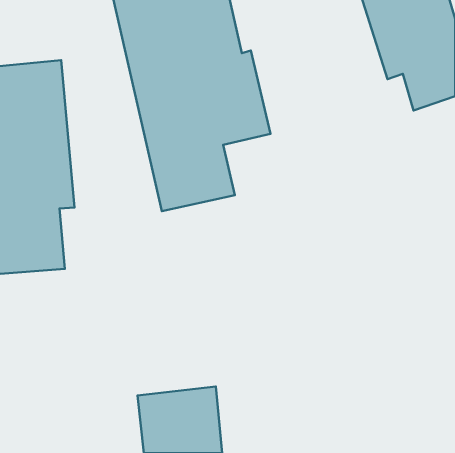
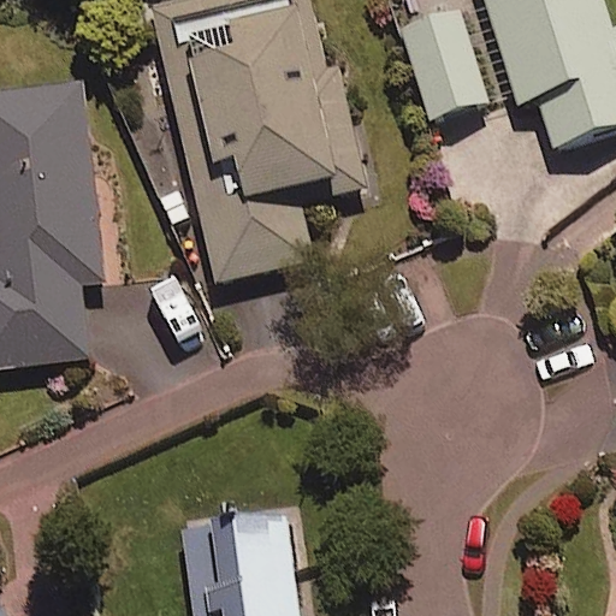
building: none -> [402,12,486,119]

